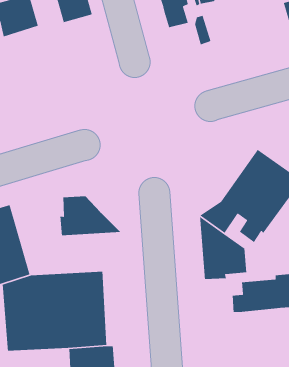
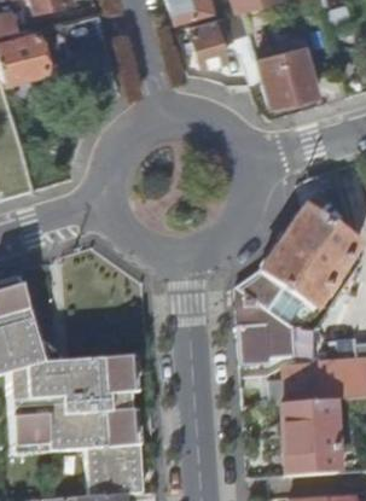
building: none -> [261,48,318,109]
building: [59,195,122,236] -> none
building: none -> [284,401,336,458]

